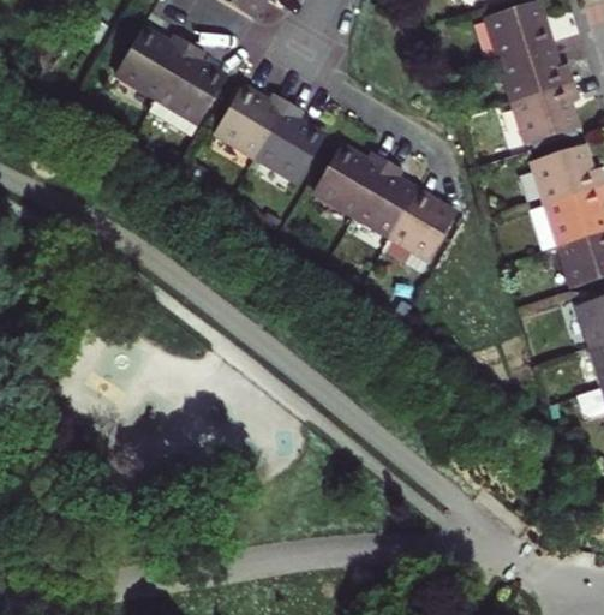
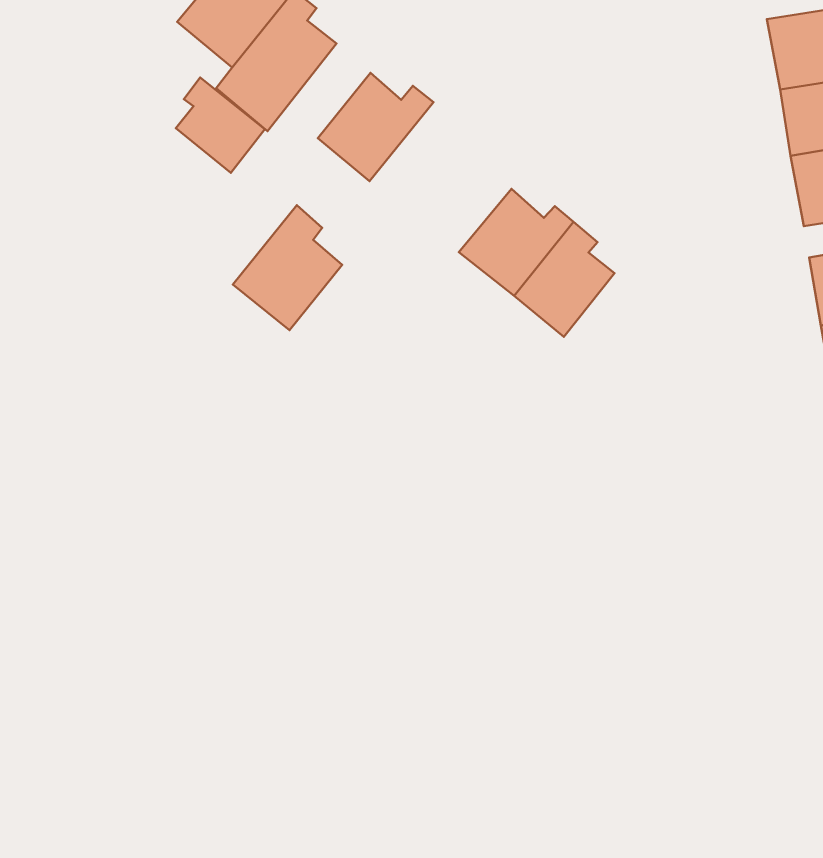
building: [252,98,319,178] -> [233,205,342,330]
building: none -> [176,78,265,173]
building: [378,191,453,273] -> none

